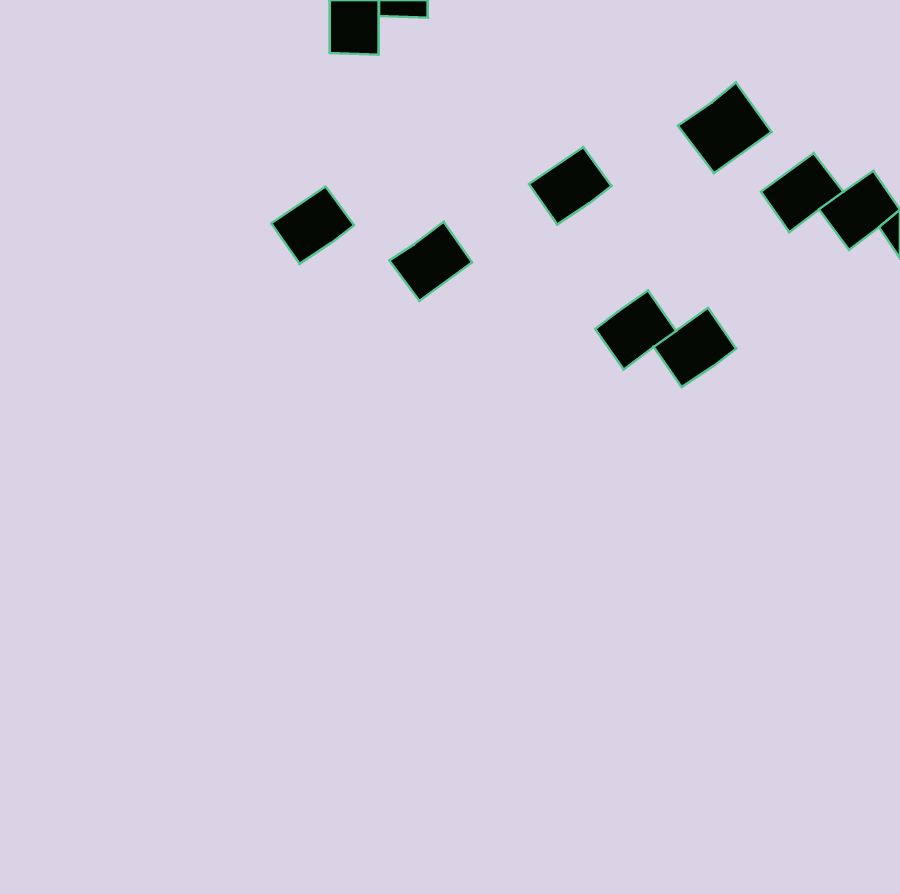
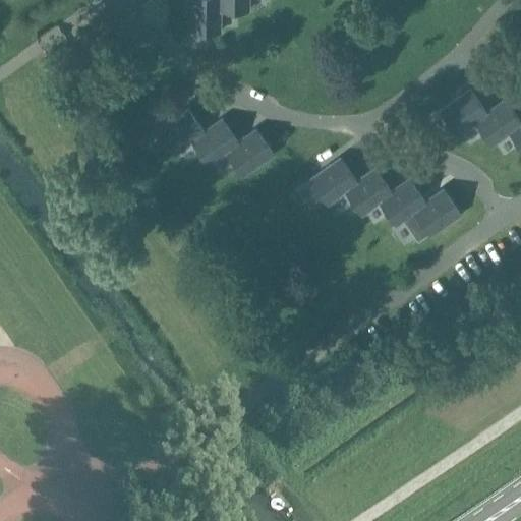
building: [678,82,772,173] -> none
building: [529,147,612,225] -> [309,161,357,206]
building: none -> [191,121,239,167]
building: none -> [412,191,460,237]

